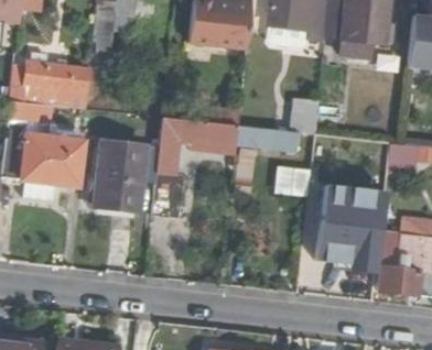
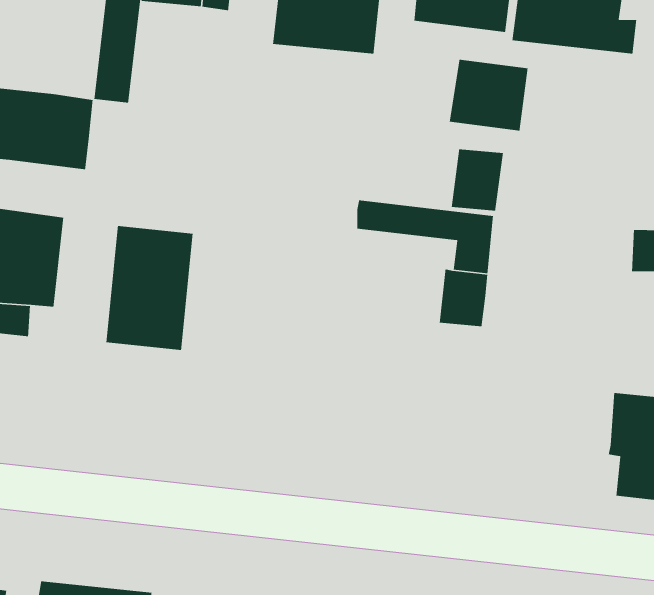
building: none -> [449,59,529,131]
building: [153,121,237,218] -> none
building: [320,182,387,262] -> none

